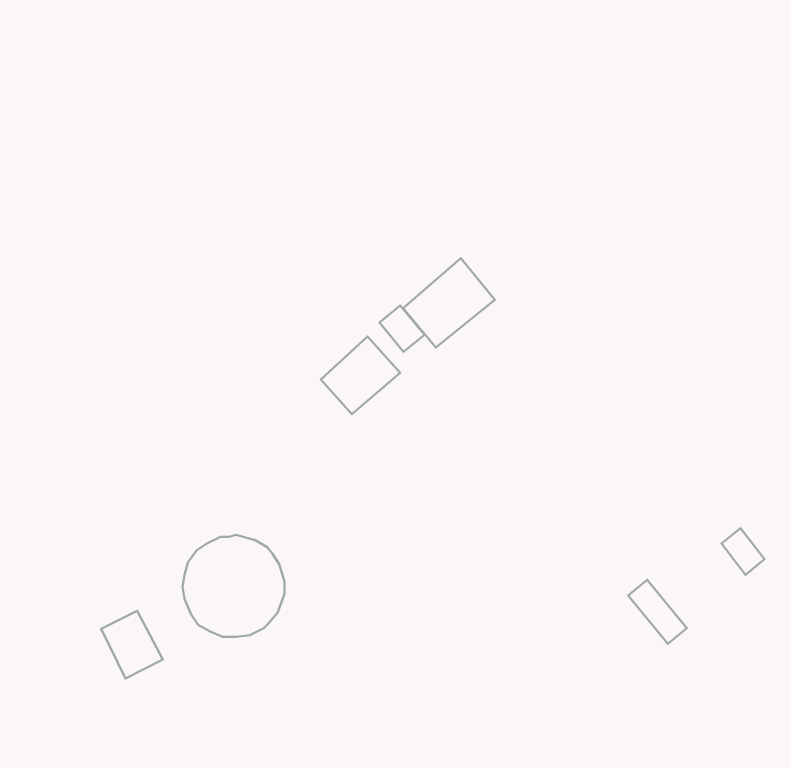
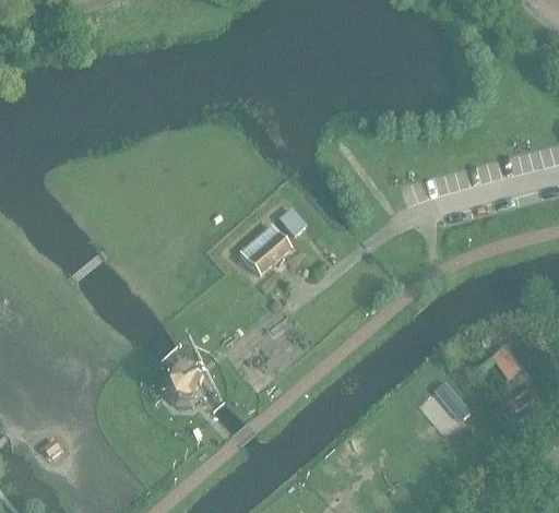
building: [403,258,495,347] -> none
building: [101,611,163,678] -> none

